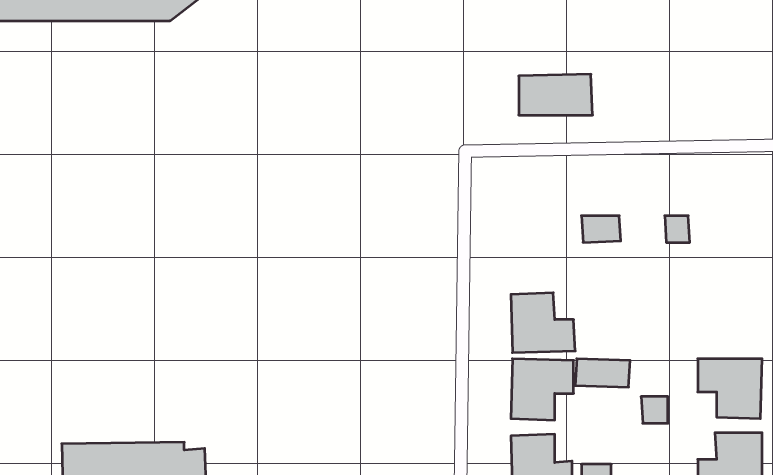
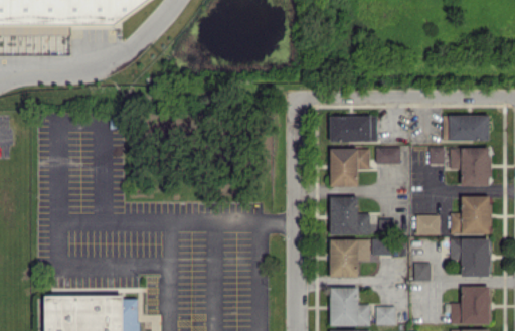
building: [519,74,593,115] -> [330,116,377,142]
building: none -> [450,115,489,141]
building: none -> [450,147,491,186]
building: none -> [330,148,369,186]
building: none -> [450,196,491,233]
building: none -> [415,214,440,234]

